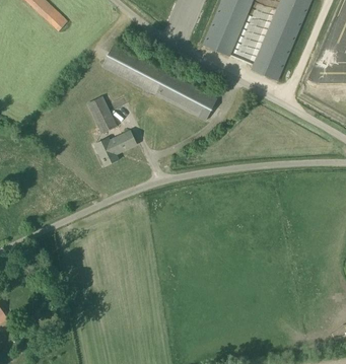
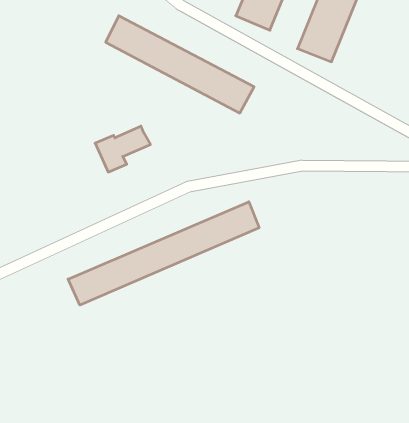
building: [87,95,117,134] -> none
building: none -> [68,202,259,305]

